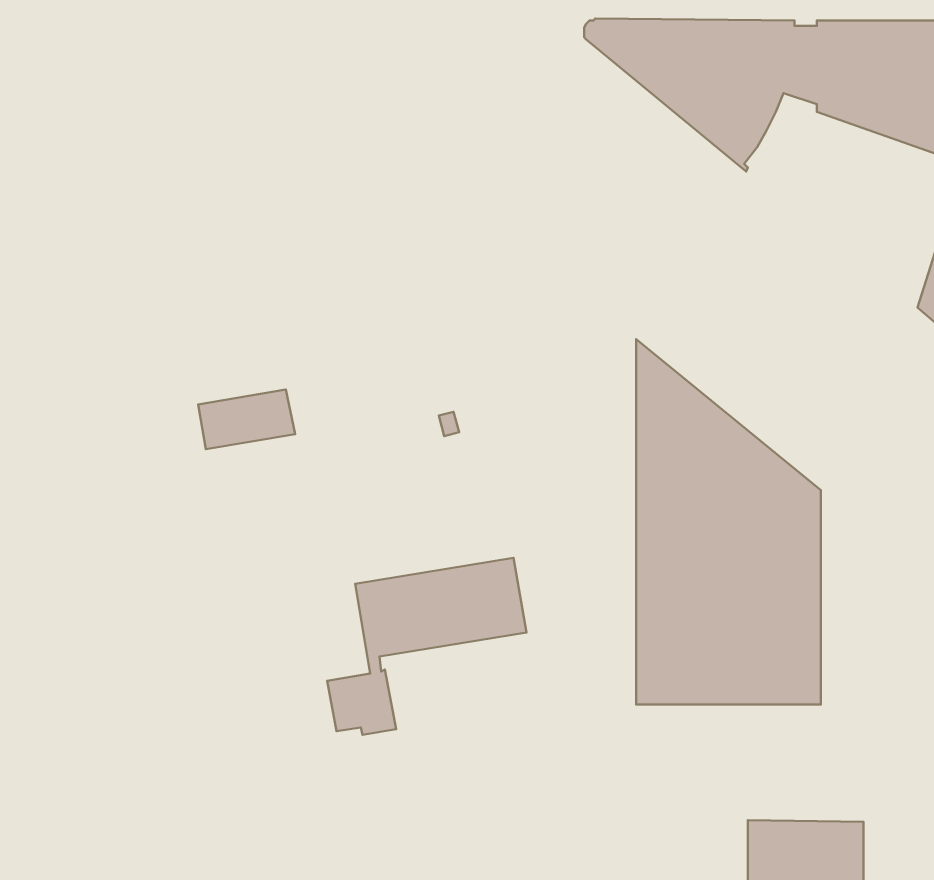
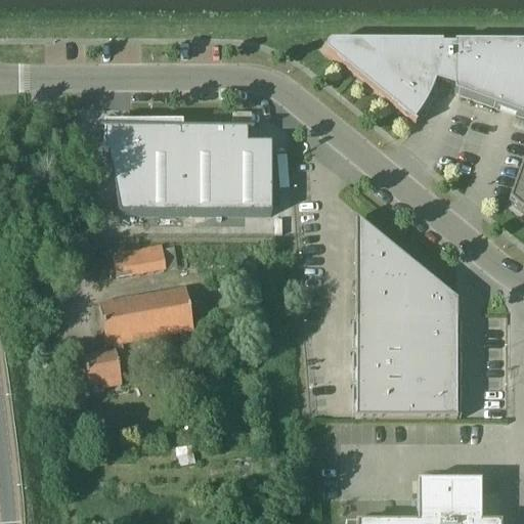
building: none -> [110,118,273,208]
building: [327,558,527,735] -> [86,287,195,384]

